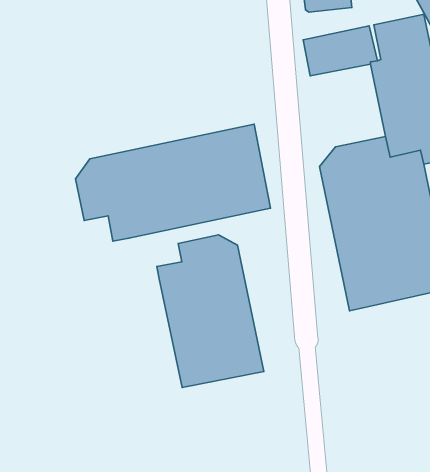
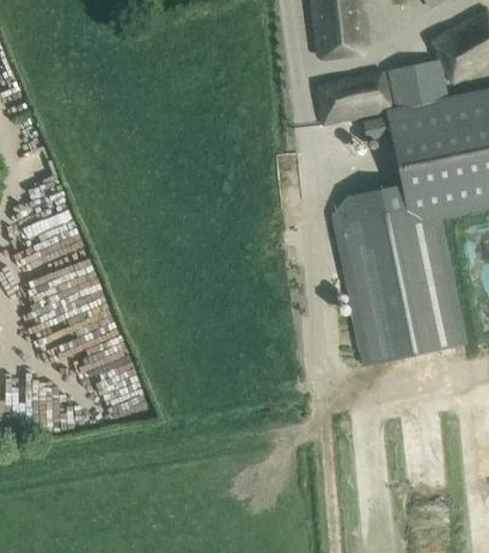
building: [75,124,271,241] -> none
building: [157,235,264,387] -> none

